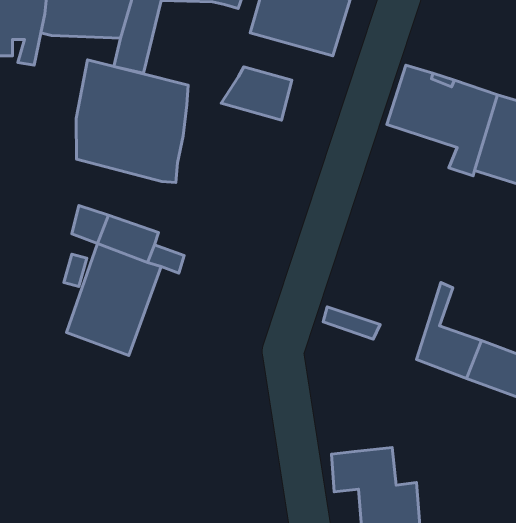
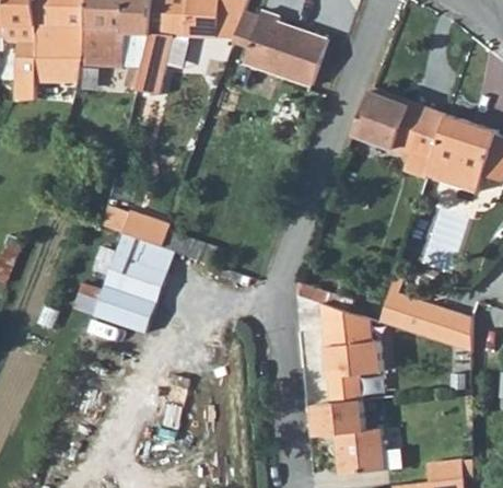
building: [76,60,188,183] -> none
building: [221,67,292,120] -> none
building: none -> [320,307,381,403]

